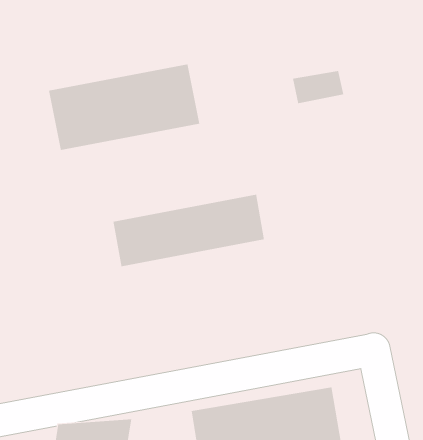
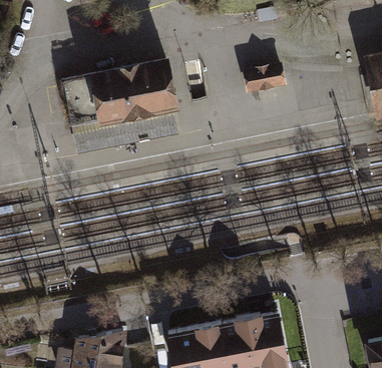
building: [113,194,265,267] -> none

